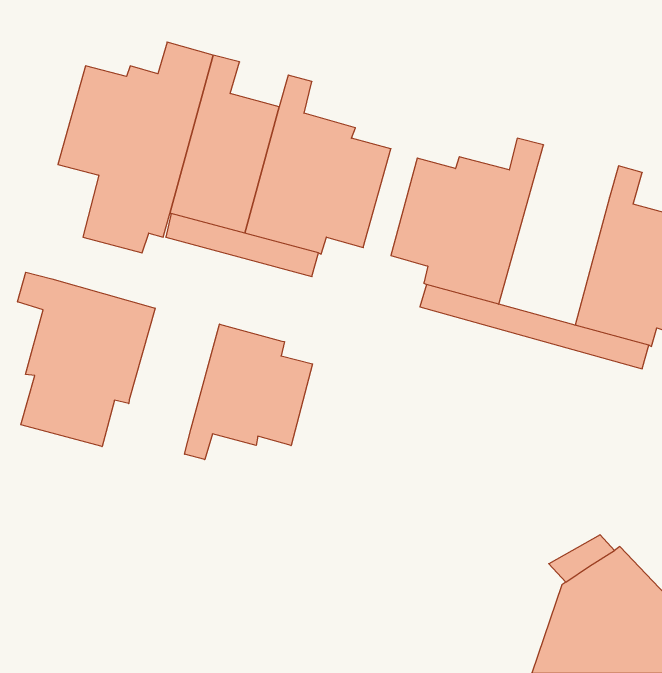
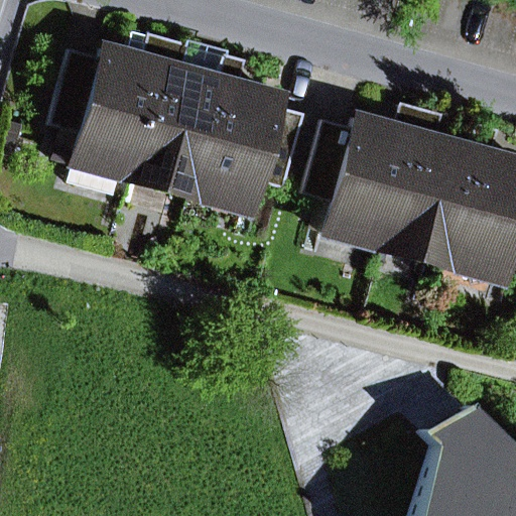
building: none -> [390,111,475,249]
building: [18,272,155,447] -> none
building: [185,324,313,460] -> none

